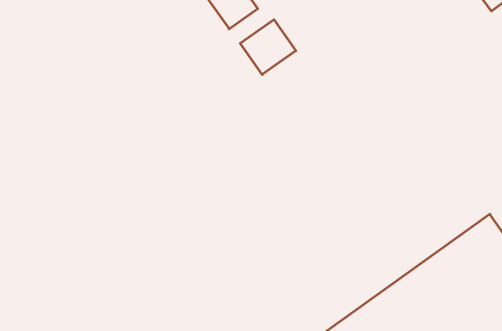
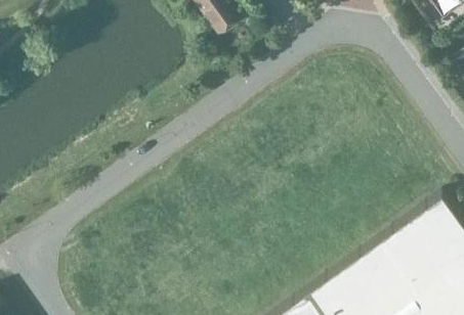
building: [240,20,296,75] -> none

